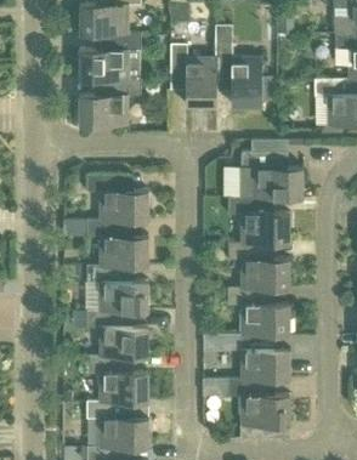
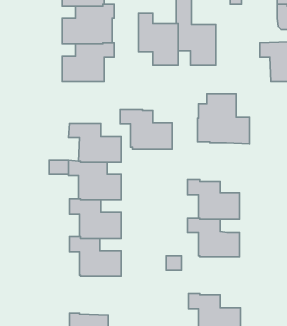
building: [228,198,290,245] -> [120,109,172,149]
building: [242,335,290,380] -> none
building: [87,357,149,404] -> none

